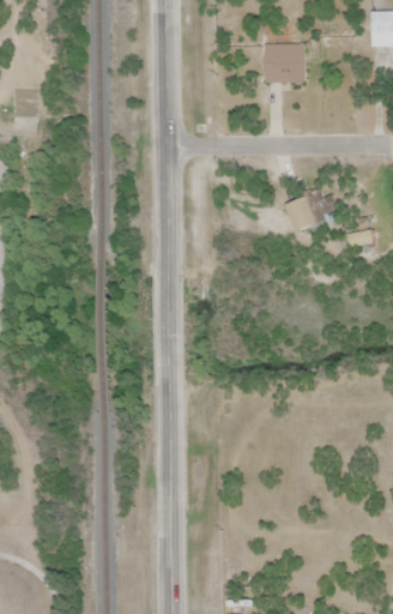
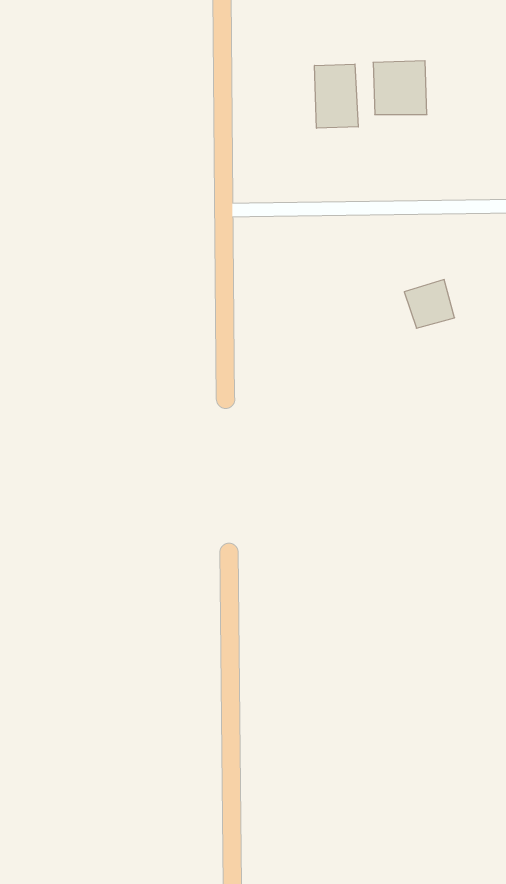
building: none -> [315,64,358,128]

